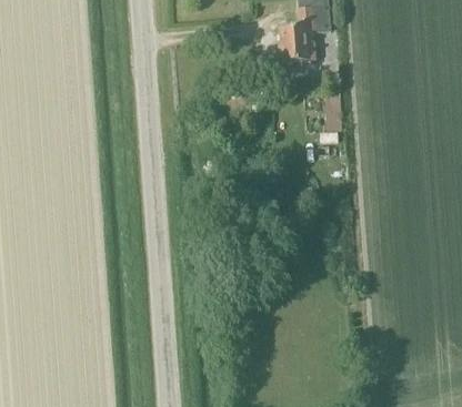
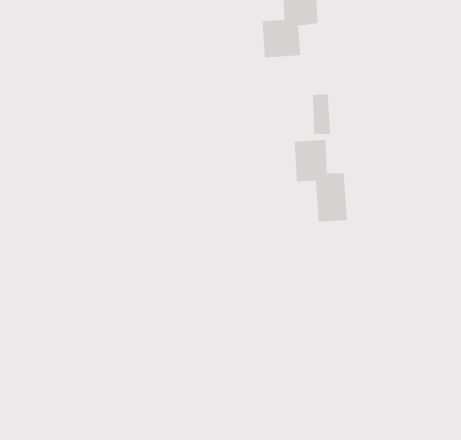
building: none -> [294,139,348,222]

